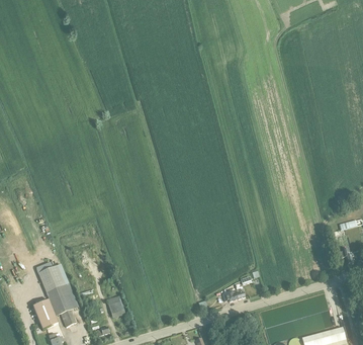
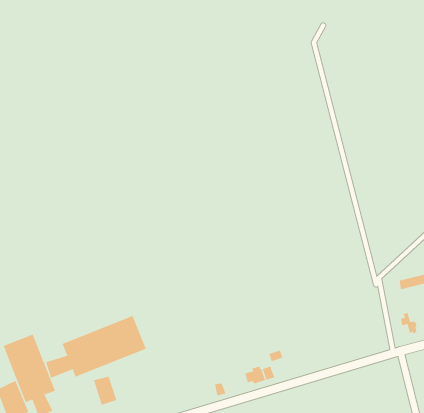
building: none -> [45,315,147,379]

